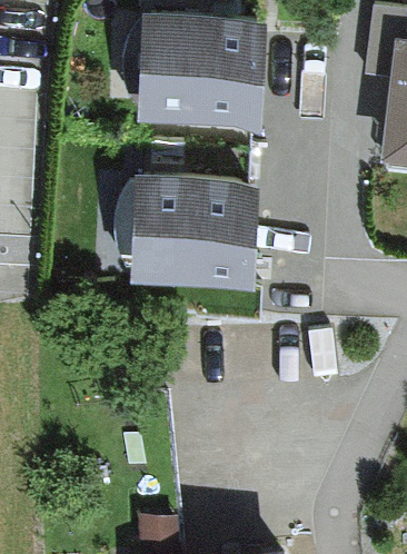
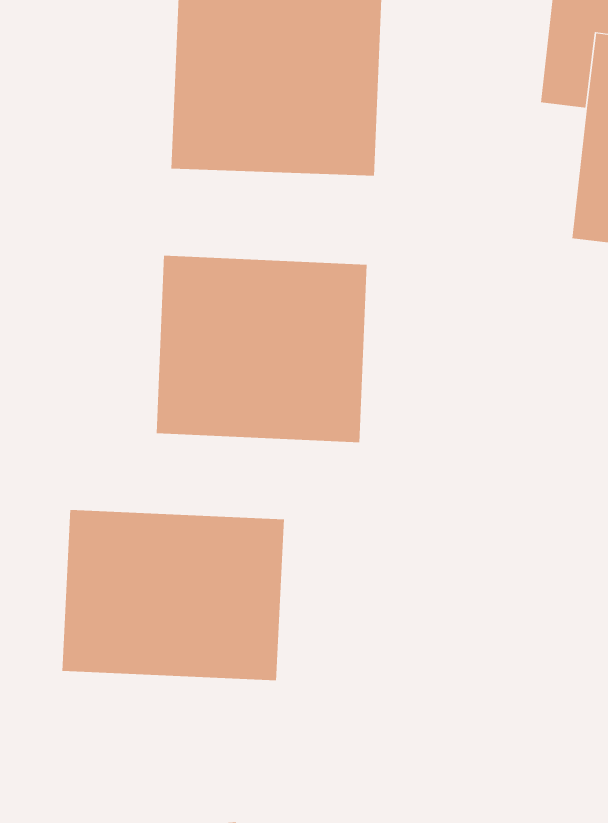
building: none -> [62,509,284,681]

